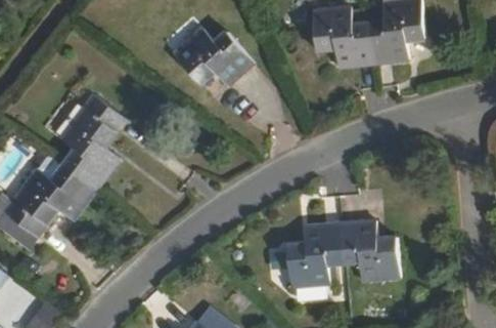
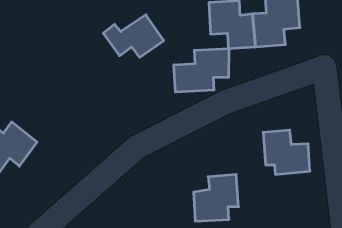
building: none -> [174,49,229,92]
building: [62,94,127,188] -> none
building: [348,225,407,282] -> [263,130,310,174]

